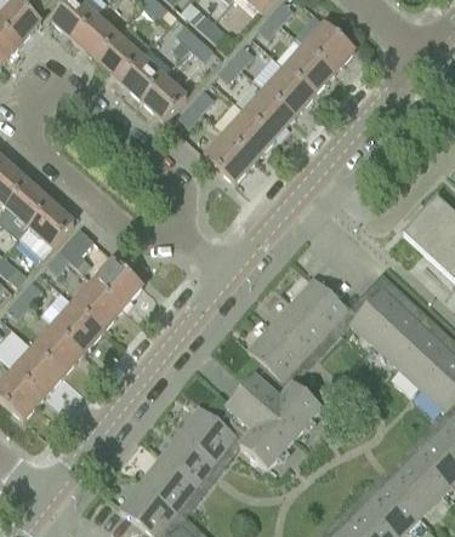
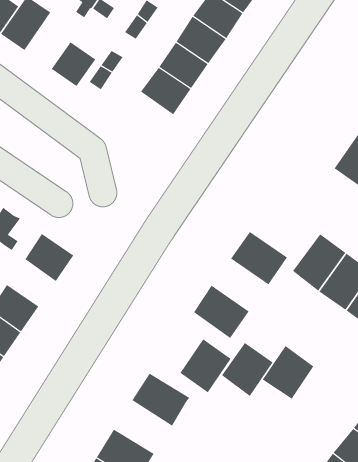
building: [119,55,164,99] -> none
building: [205,132,255,182] -> none
building: [73,280,121,327] -> none
building: [271,304,326,358] -> none
building: [243,416,295,469] -> [262,345,314,399]
building: [159,429,216,484] -> none

